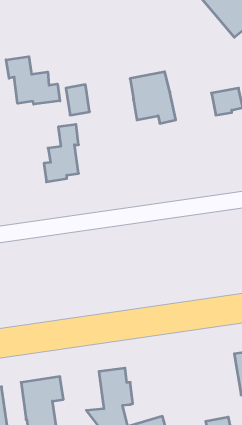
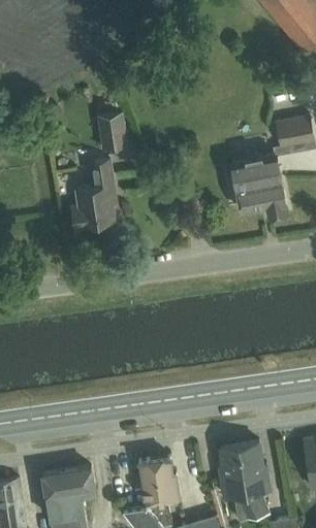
building: [6,57,60,104] -> none
building: [130,72,176,123] -> [231,153,287,216]
building: none -> [218,441,270,520]

